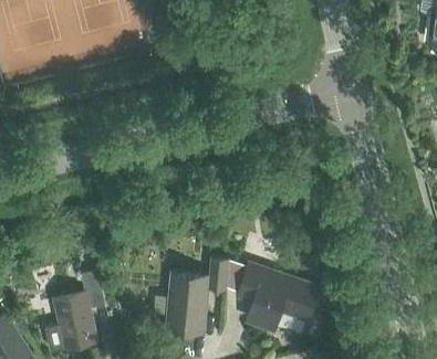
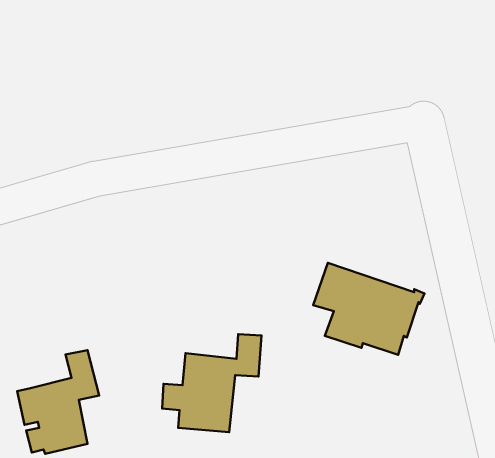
building: [237,265,321,335] -> [313,263,424,355]

